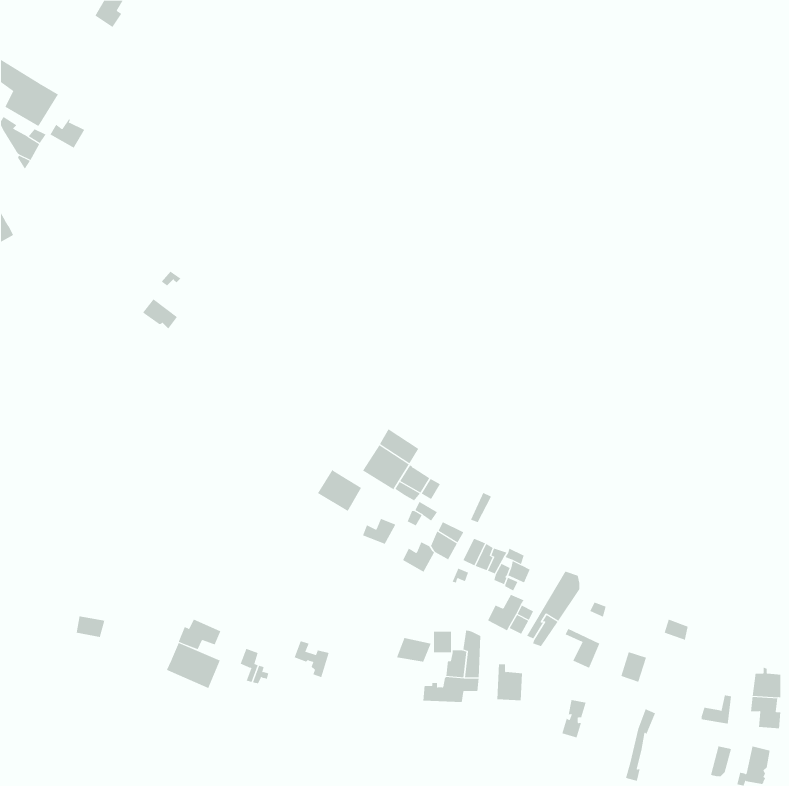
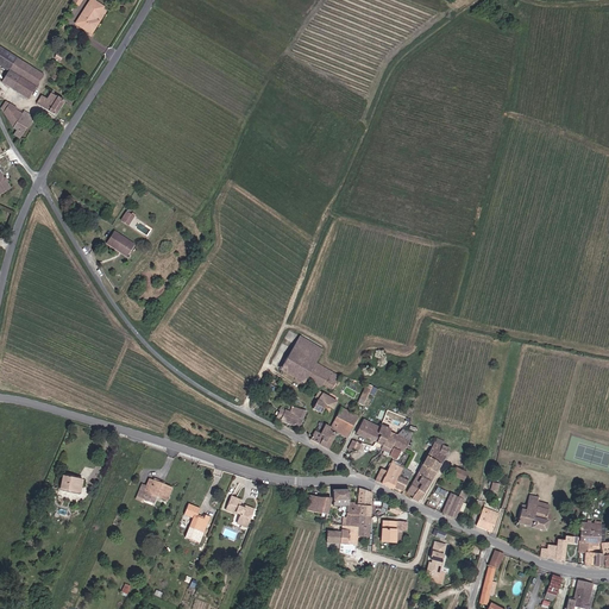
building: [317,469,362,512] -> none
building: none -> [517,491,547,527]
building: [165,642,221,689] -> none

